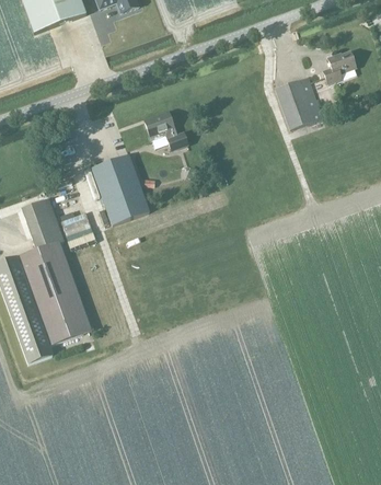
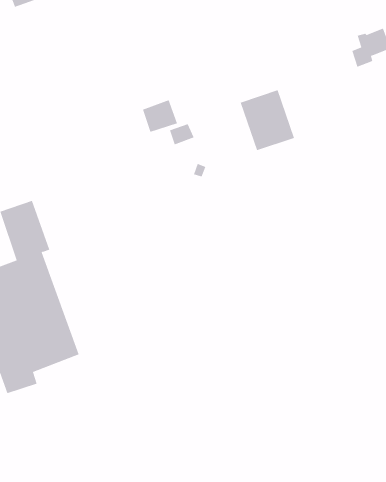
building: [276,76,323,128] -> [240,90,295,151]
building: [91,153,149,224] -> none

